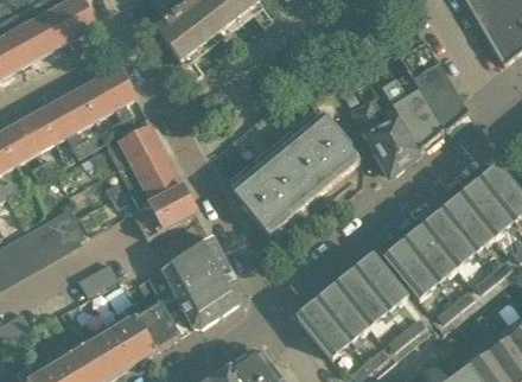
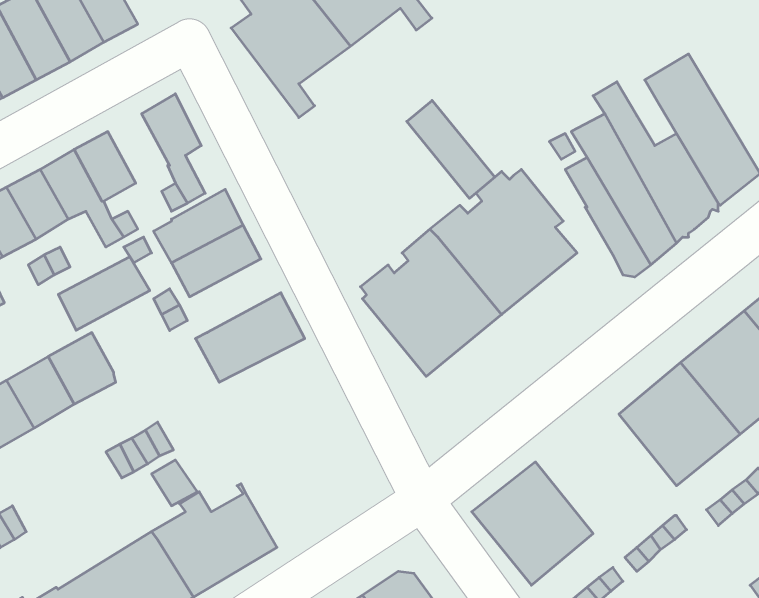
building: none -> [407,100,495,198]
building: [79,77,116,119] -> none
building: [128,164,183,208] -> [58,257,150,330]
building: [139,235,243,327] -> none
building: [335,254,407,327] -> none

